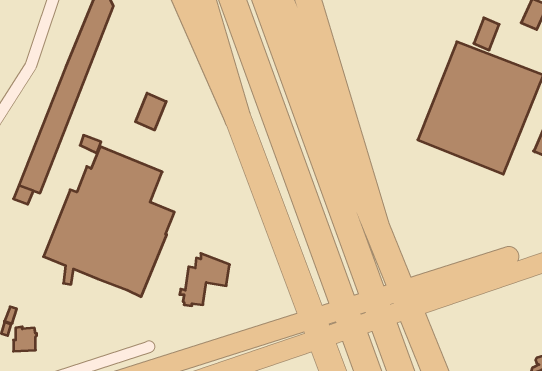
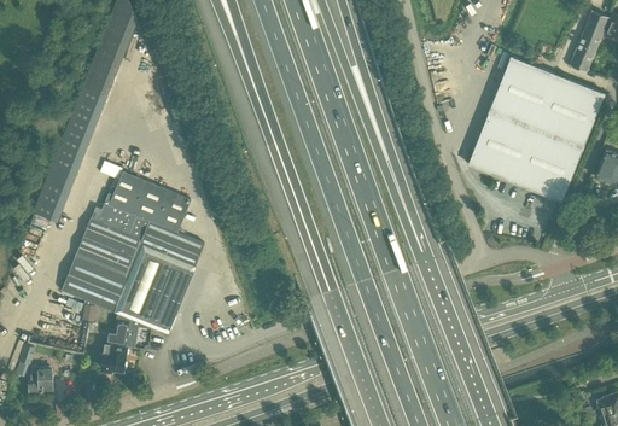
building: [474,18,499,50] -> [569,36,596,71]
building: [135,93,166,130] -> none
building: [180,253,230,306] -> [97,314,151,370]

